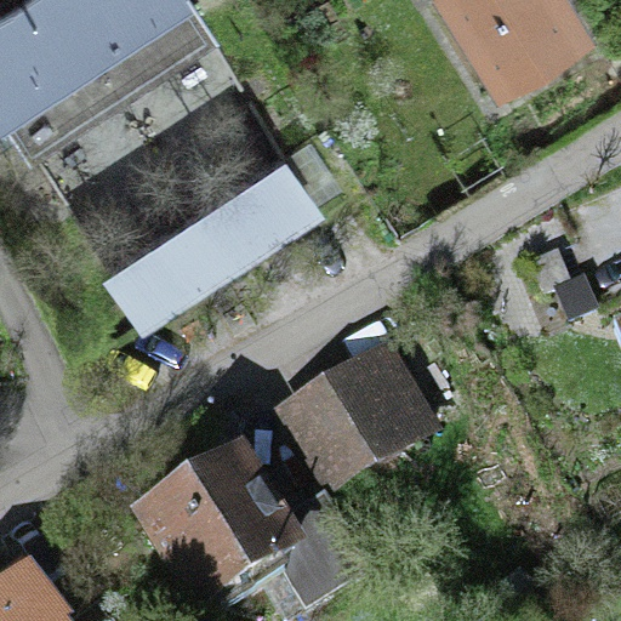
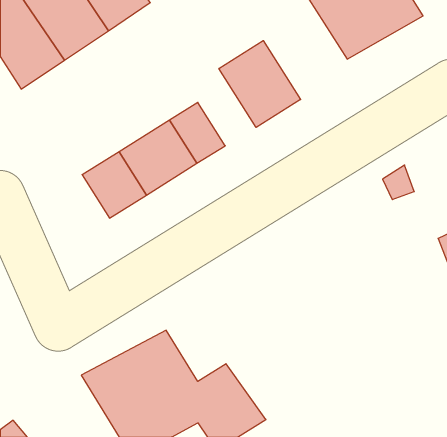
building: none -> [219,41,301,127]
building: [277,349,445,508] -> none

